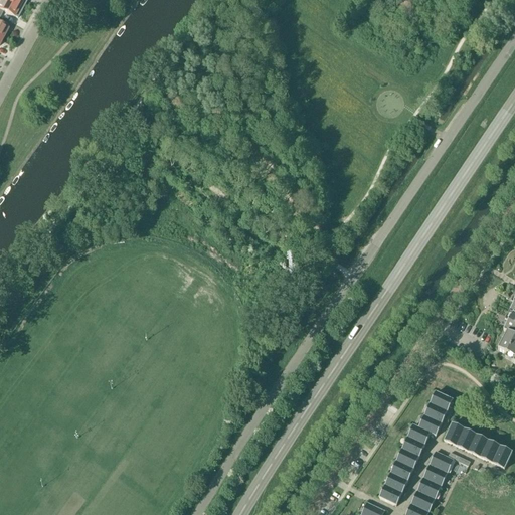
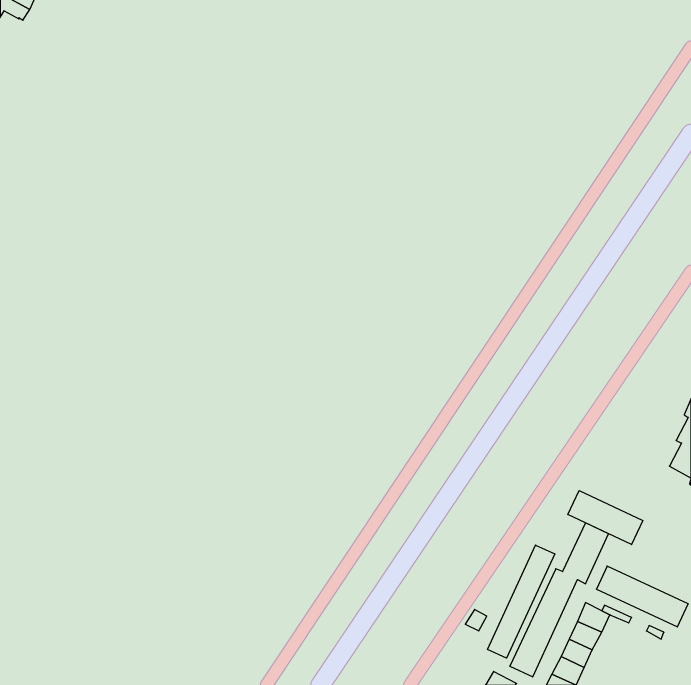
building: none -> [568,491,643,545]
building: none -> [487,545,555,658]

